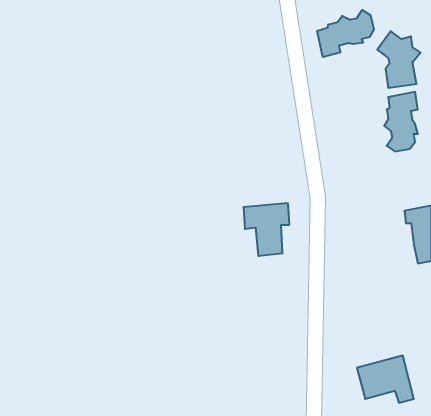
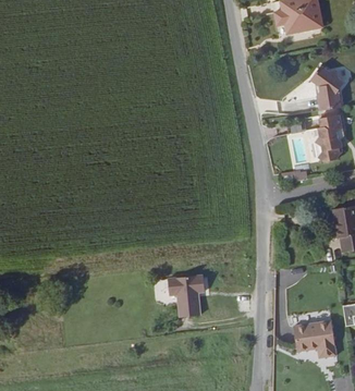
building: [317,10,374,57] -> none
building: [243,203,289,256] -> [175,274,212,317]

